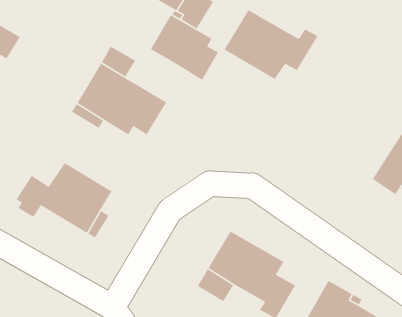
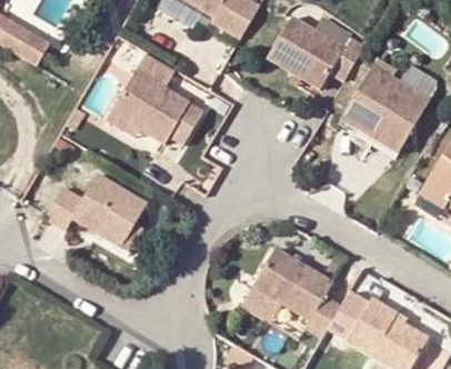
building: [150,14,219,81] -> none
building: none -> [341,64,431,153]

